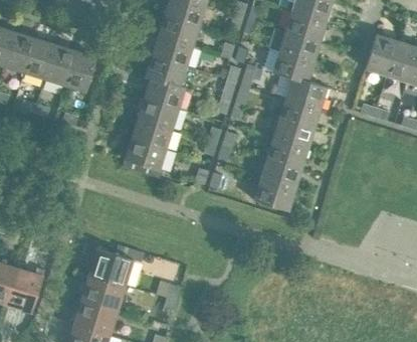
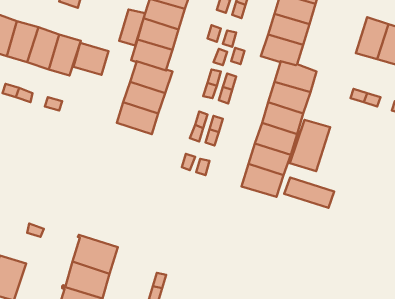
building: none -> [119,9,145,46]
building: none -> [74,43,109,75]
building: none -> [290,120,330,171]
building: [125,138,166,170] -> none
building: none -> [284,177,334,208]

